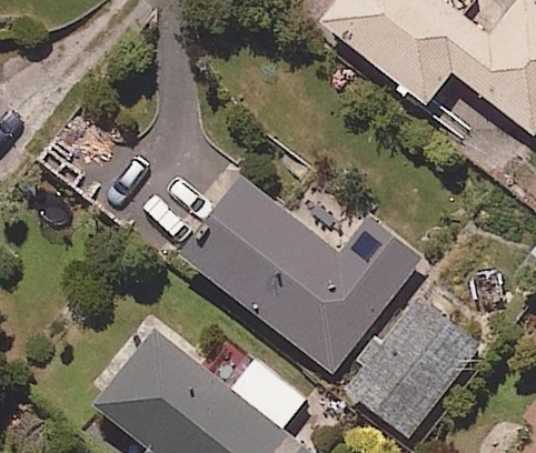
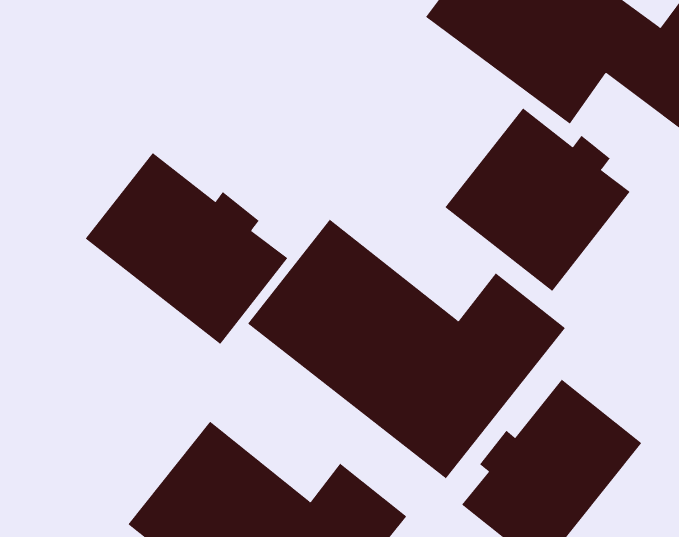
building: none -> [445,107,631,292]
building: none -> [85,152,288,345]

